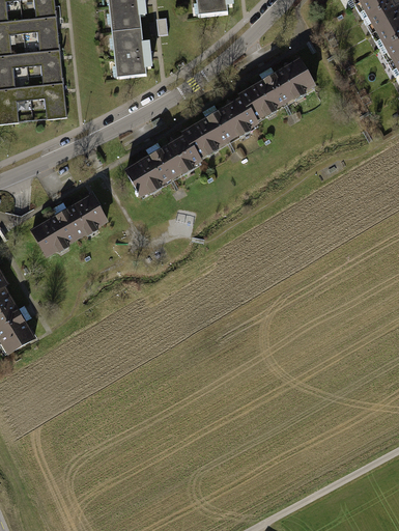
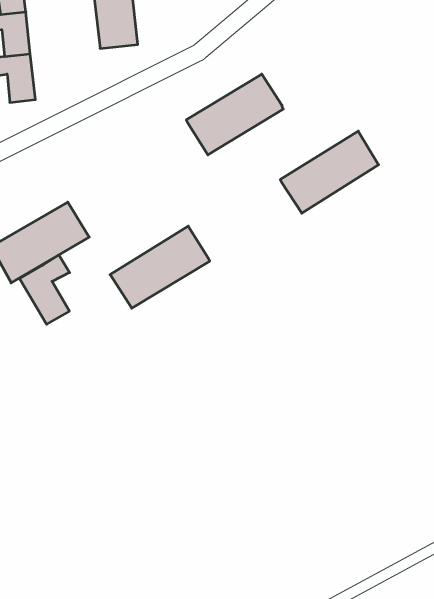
building: [238,58,314,121] -> [280,131,379,213]
building: [122,135,199,198] -> [110,226,210,308]
building: none -> [20,255,70,324]

